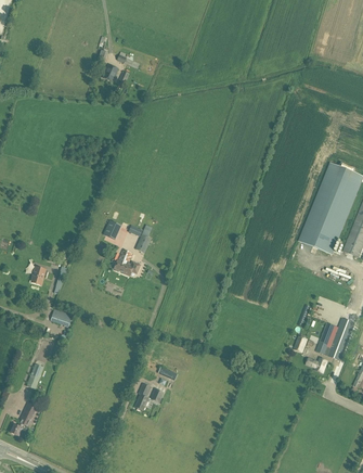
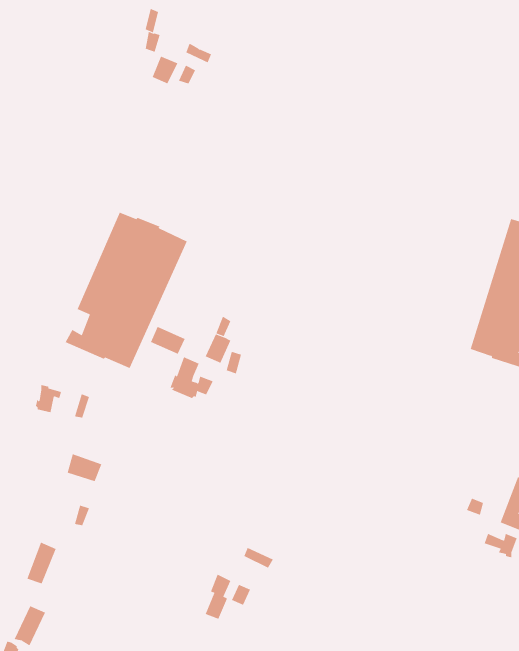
building: none -> [65,212,187,369]

